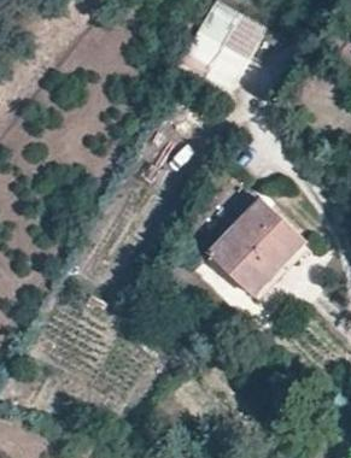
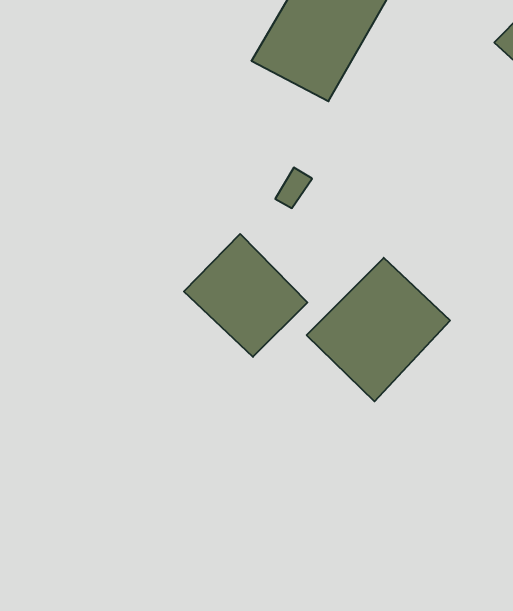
building: none -> [184,234,307,357]

